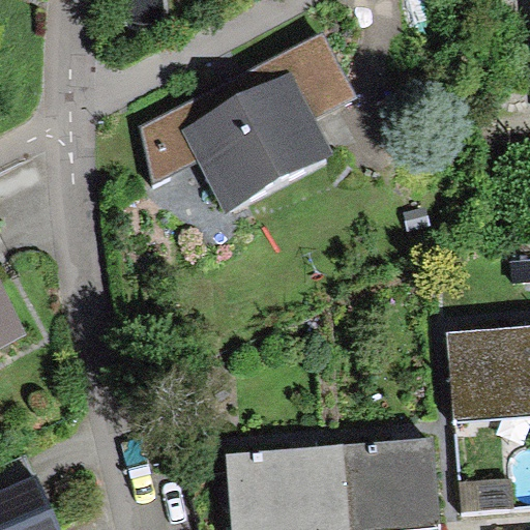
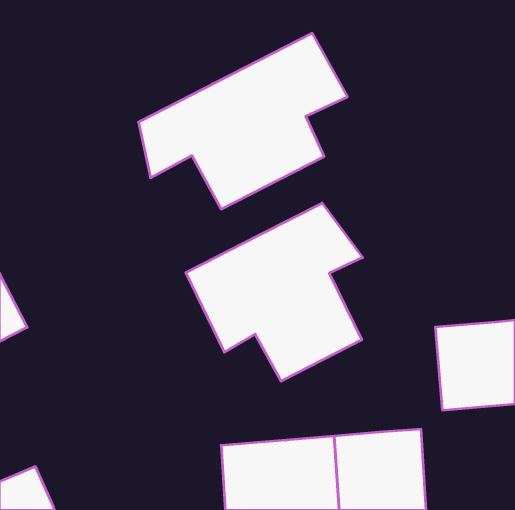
building: none -> [186,203,363,381]

